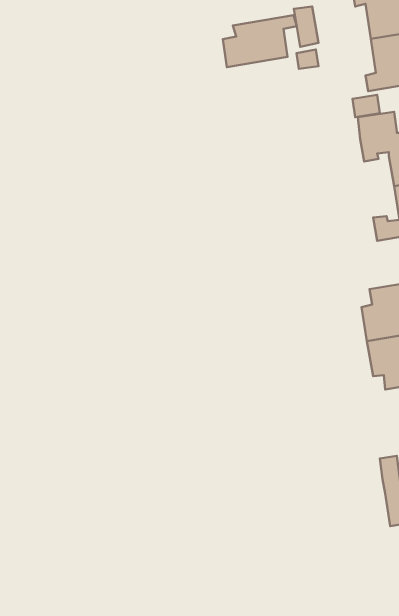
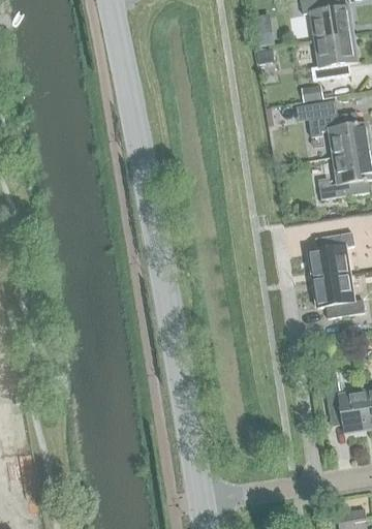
building: [223,15,297,67] -> none

